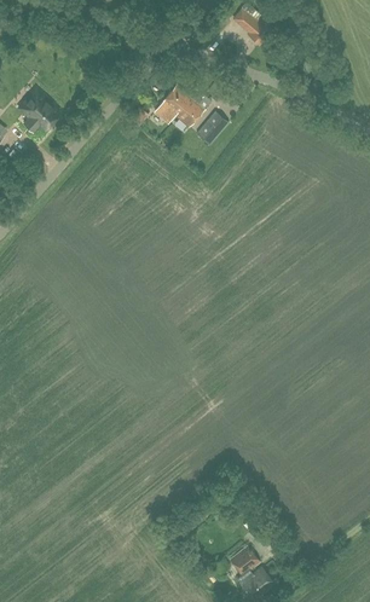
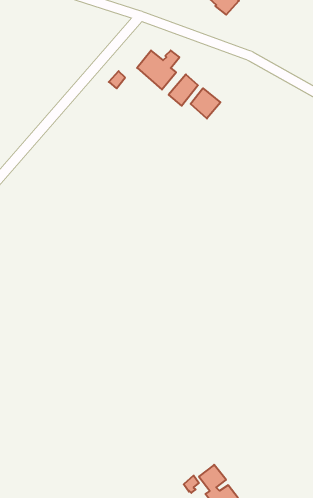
building: [18,89,59,132] -> none
building: none -> [191,88,220,119]

